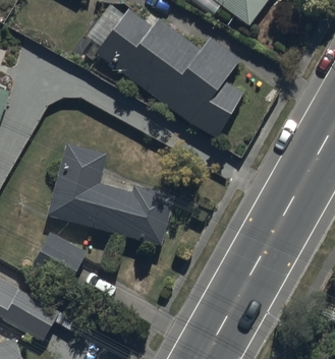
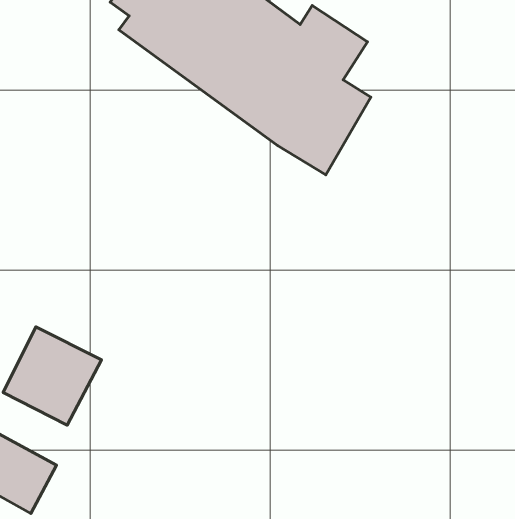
building: [46,144,172,245] -> none

